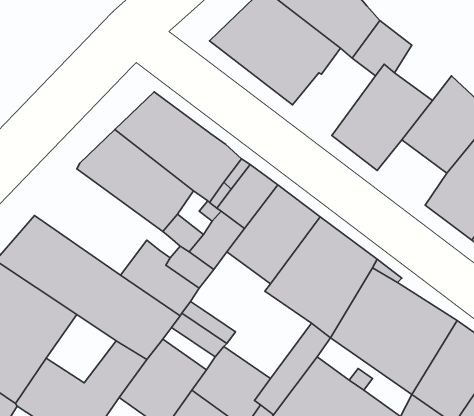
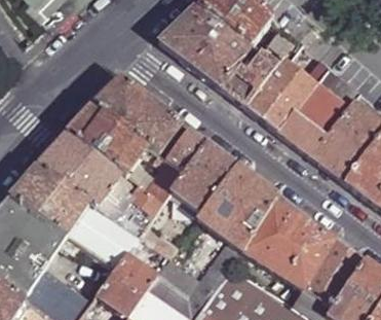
building: none -> [218,44,276,106]
building: none -> [277,109,327,155]
building: none -> [36,130,122,205]

